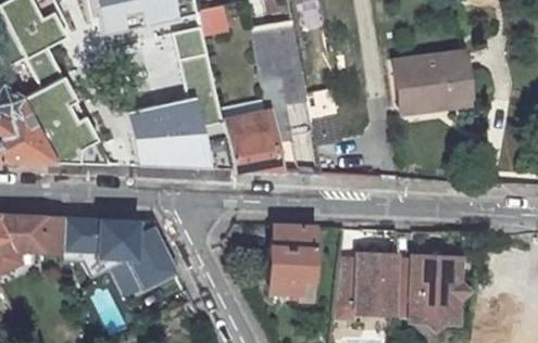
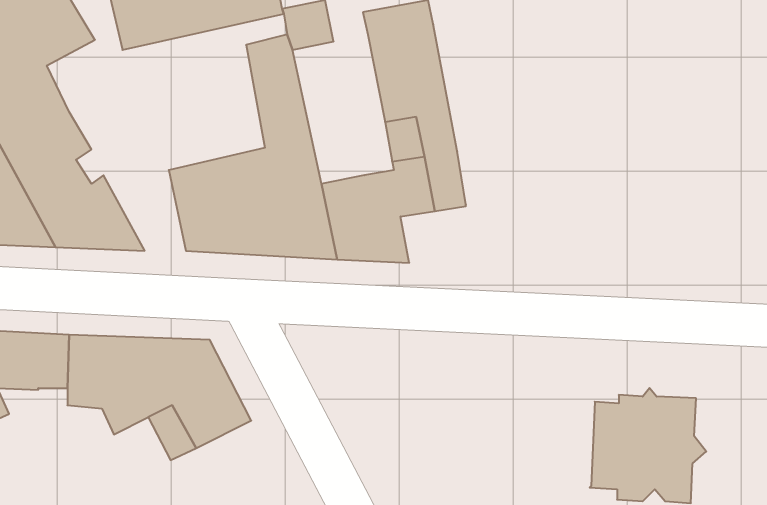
building: [395,51,470,112] -> none
building: [266,225,314,300] -> none
building: [336,246,396,314] -> none

